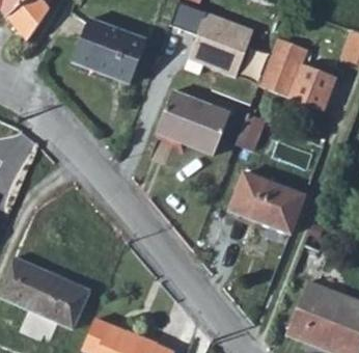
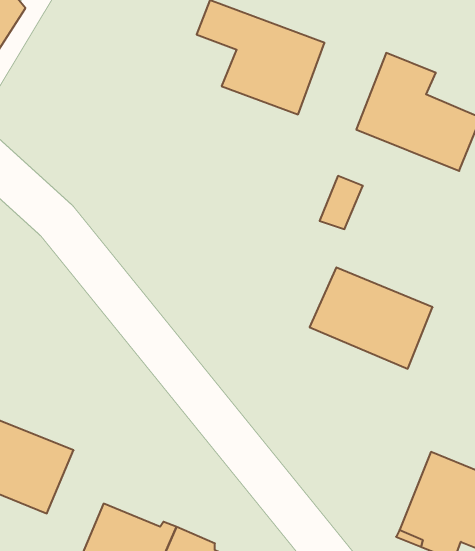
building: [74,19,148,83] -> none
building: [156,87,232,152] -> none

